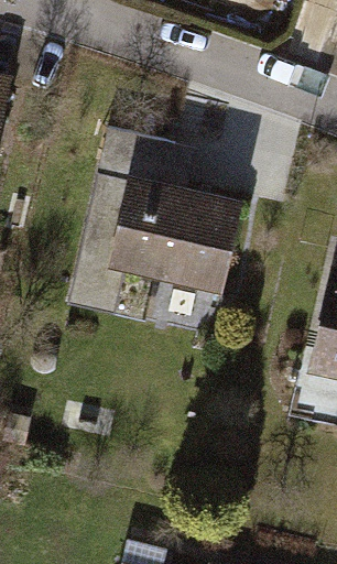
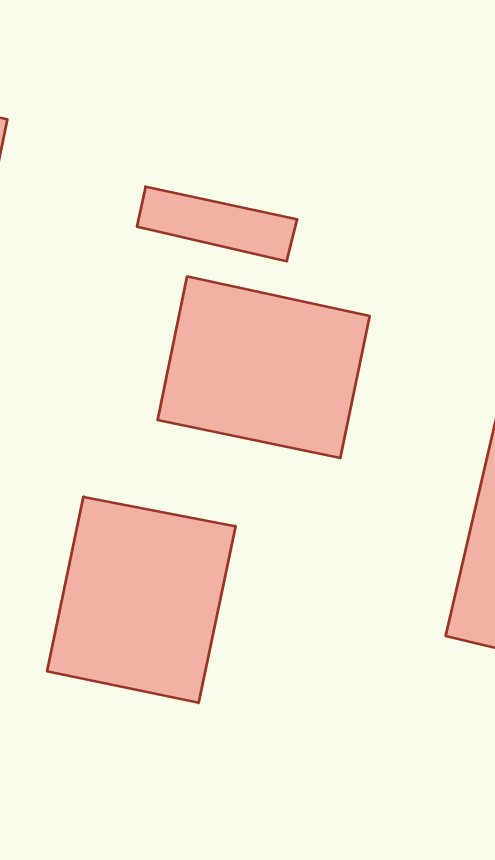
building: none -> [47,497,235,703]

